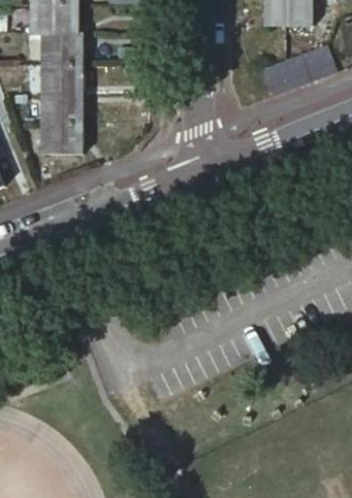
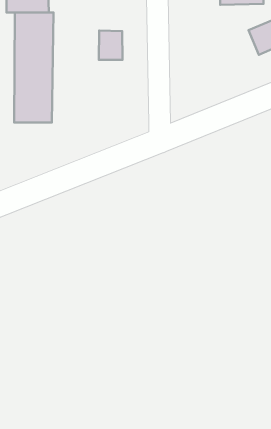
building: none -> [99,31,123,60]
building: [255,56,303,98] -> none

